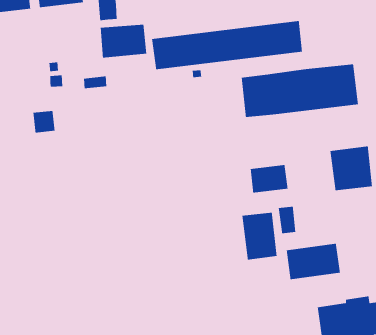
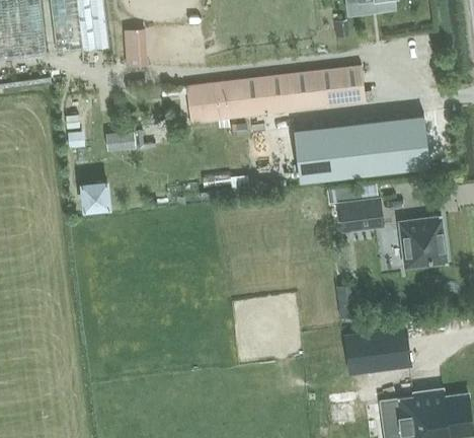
building: [100,24,147,58] -> none
building: [32,110,56,134] -> [80,179,107,207]
building: [250,164,289,194] -> [337,195,383,229]
building: [241,212,278,261] -> none

